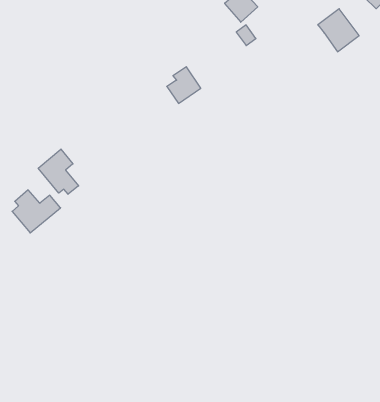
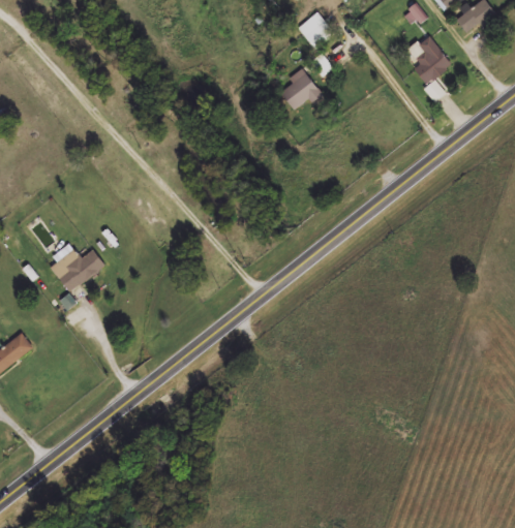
building: [167,67,201,103] -> [280,67,320,110]
building: [38,149,79,194] -> none

